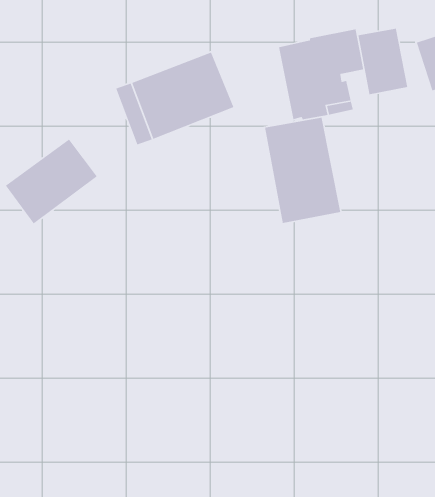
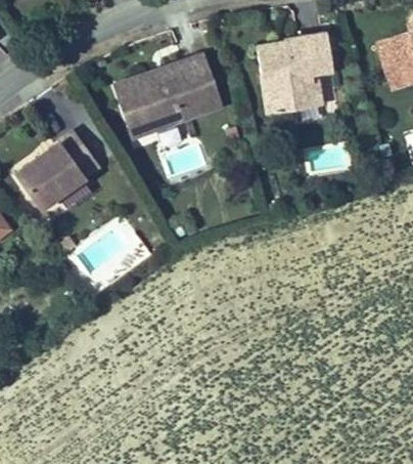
building: [358,28,408,95] -> none
building: [264,117,341,224] -> none

